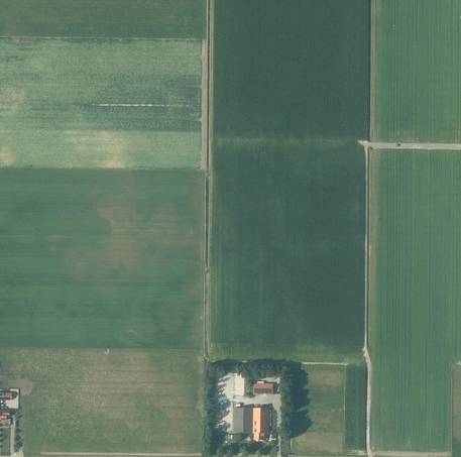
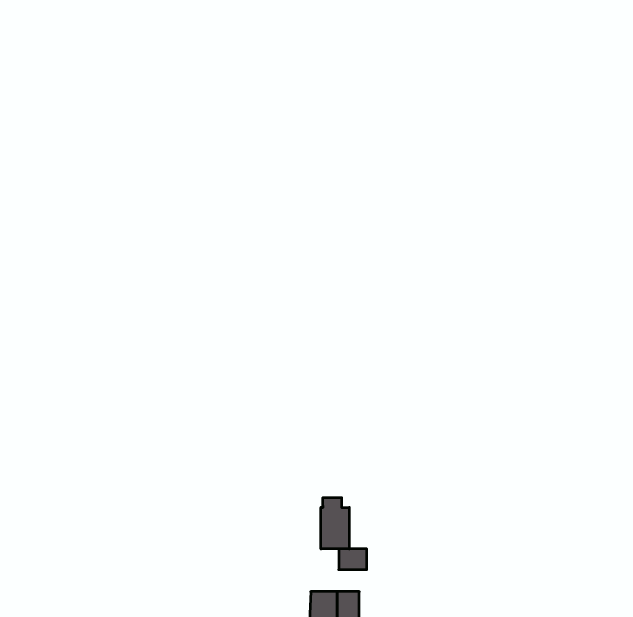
building: none -> [321,498,349,549]

